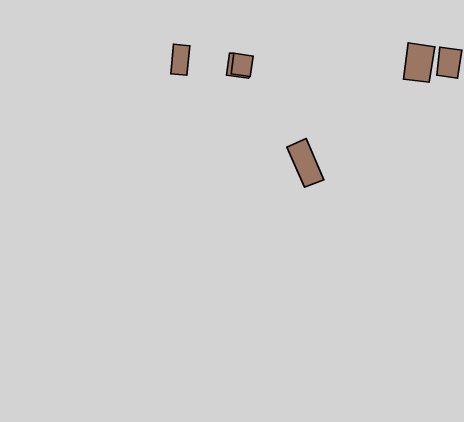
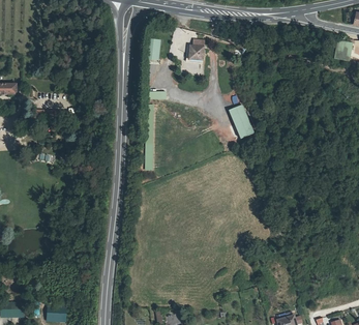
building: [403,43,435,82] -> none

